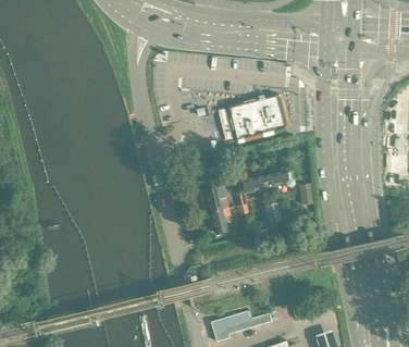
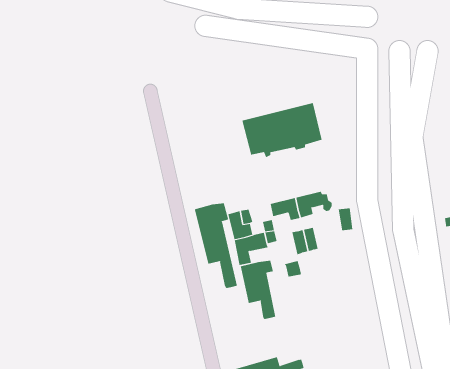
building: none -> [194,202,238,289]
building: none -> [240,260,276,320]

